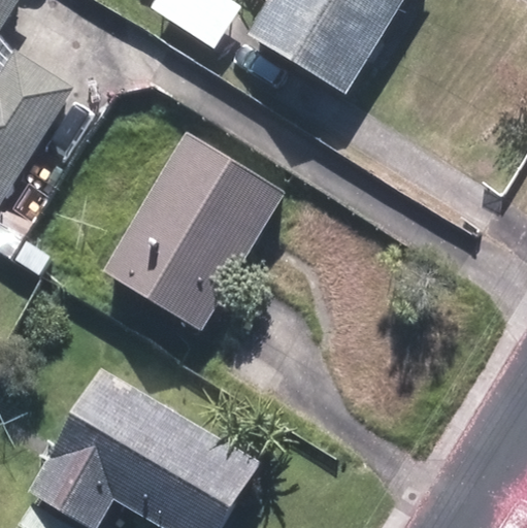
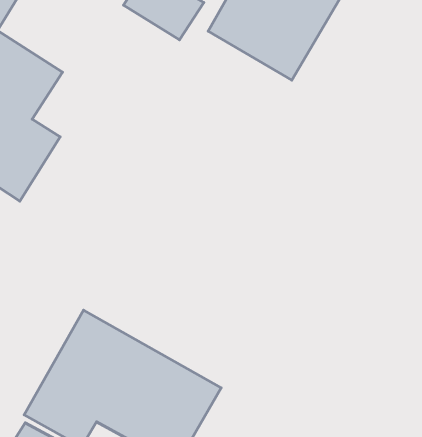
building: [98,131,286,333] -> none

